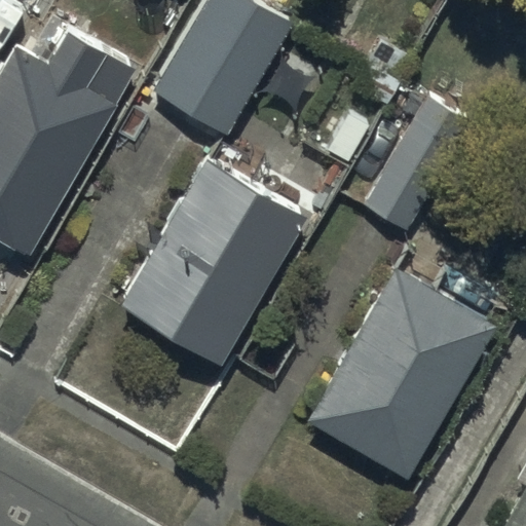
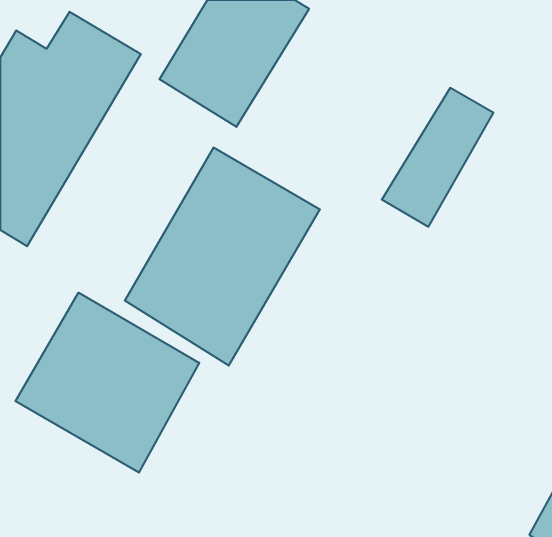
building: [306,263,495,474] -> none
building: none -> [15,293,199,473]

